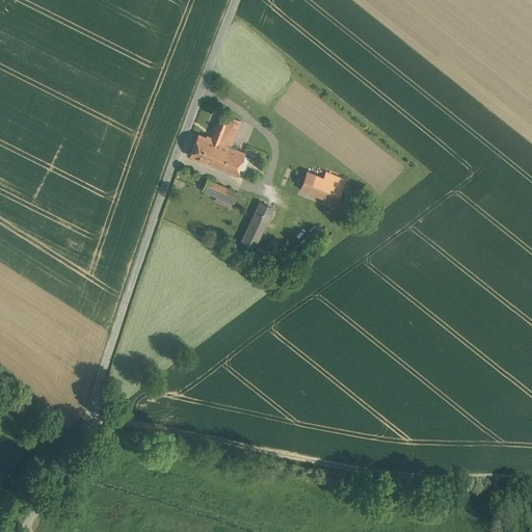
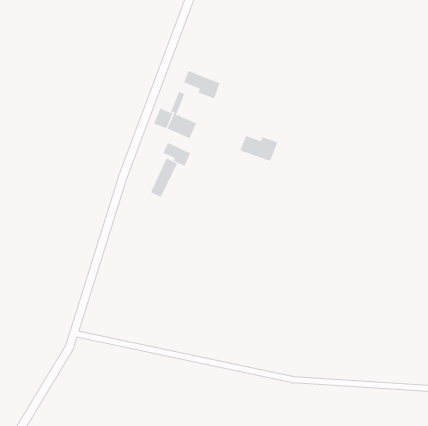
building: none -> [184,70,220,99]
building: [240,203,274,252] -> [150,157,178,198]

